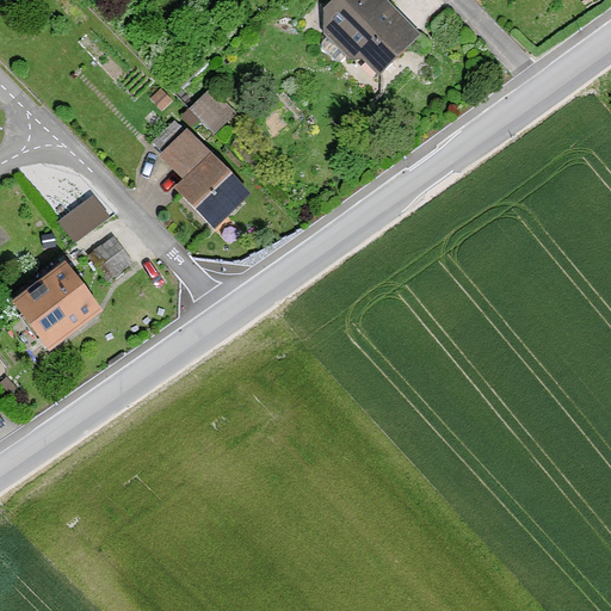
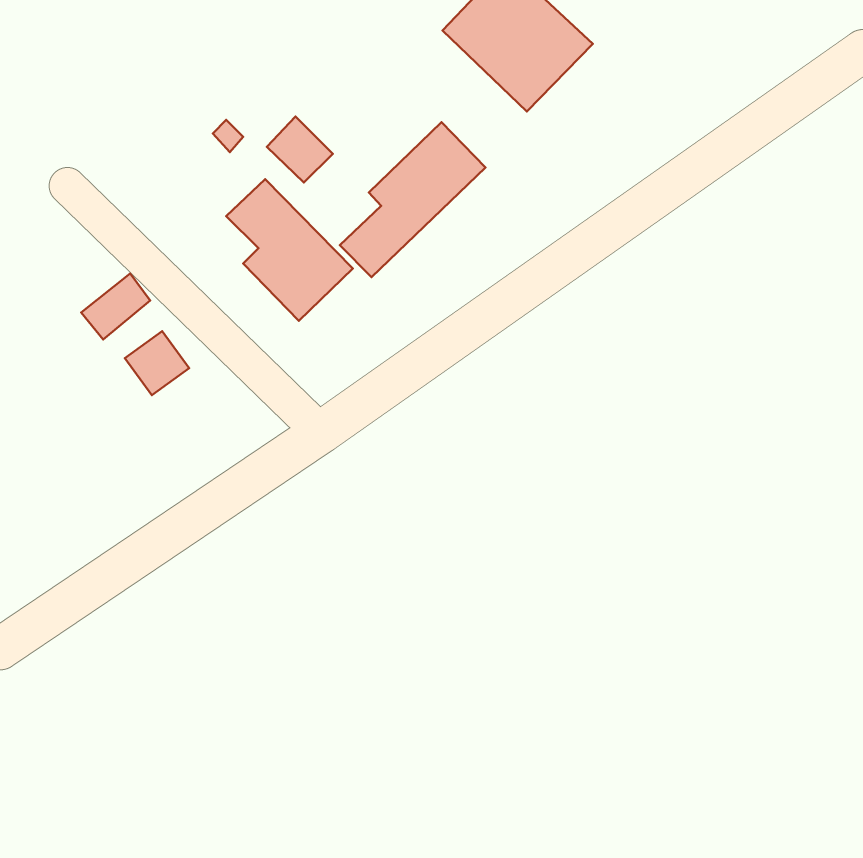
building: none -> [340,122,486,277]
building: [14,263,103,351] -> none

